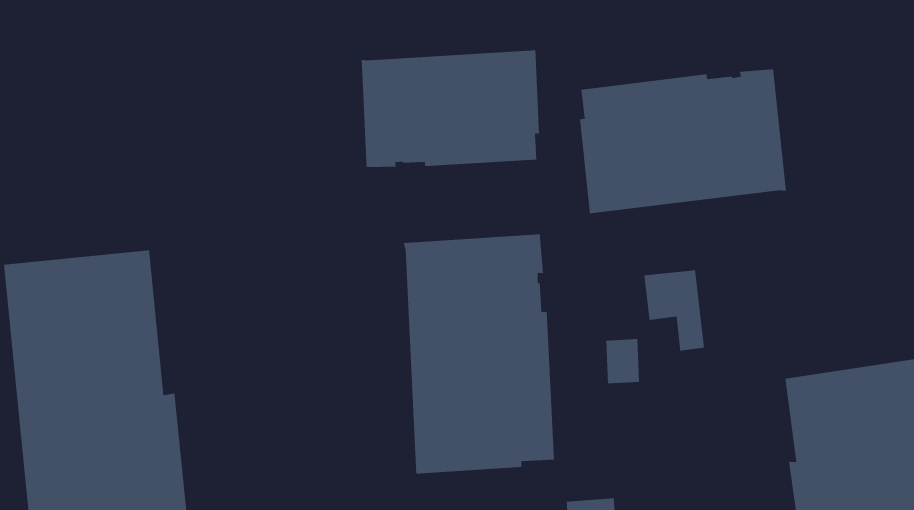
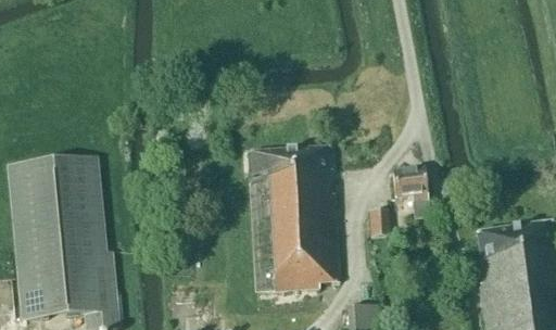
building: [361,50,539,168] -> none
building: [580,69,786,214] -> none

